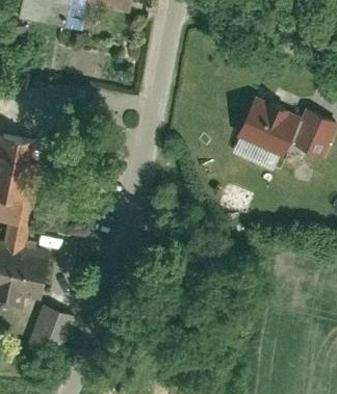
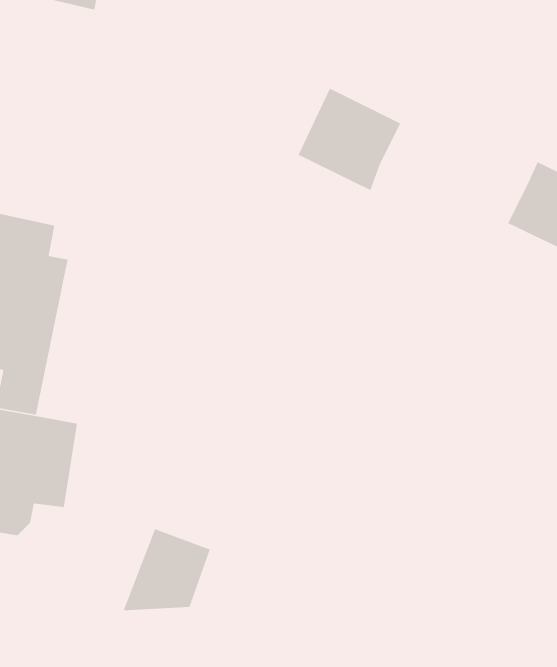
building: [240,98,297,155] -> [298,87,401,191]
building: [26,306,75,351] -> [122,528,211,611]

